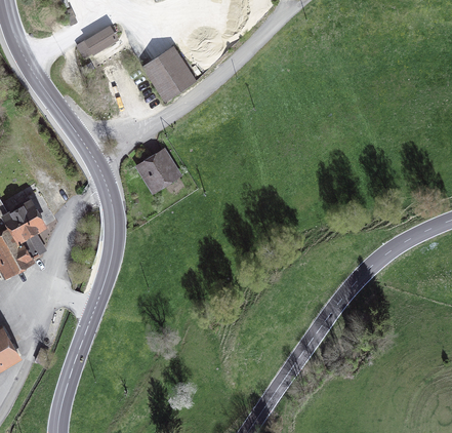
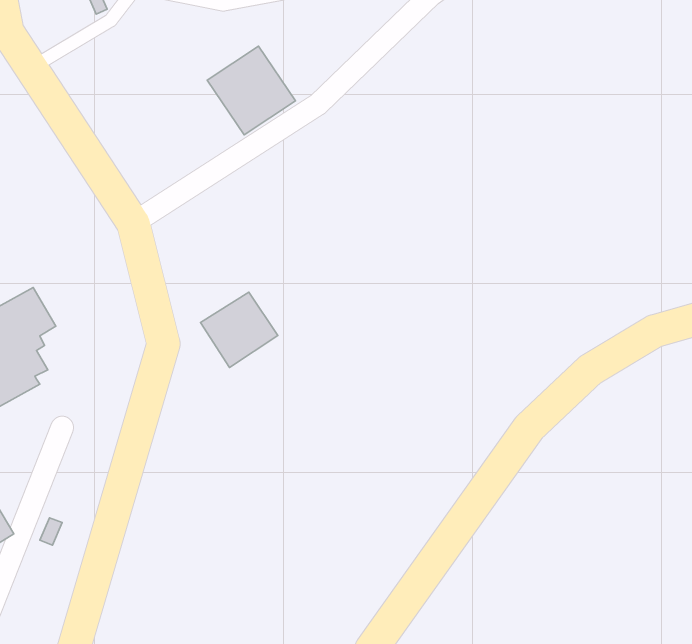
building: [75,26,118,58] -> none
building: [133,148,182,196] -> [200,292,278,368]

